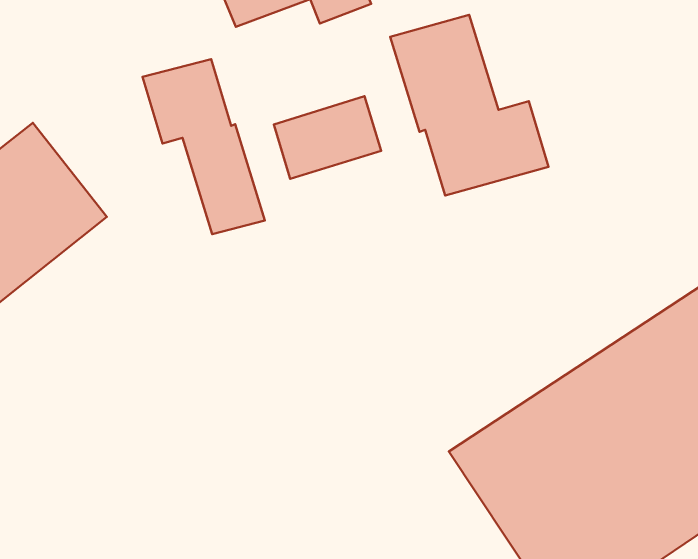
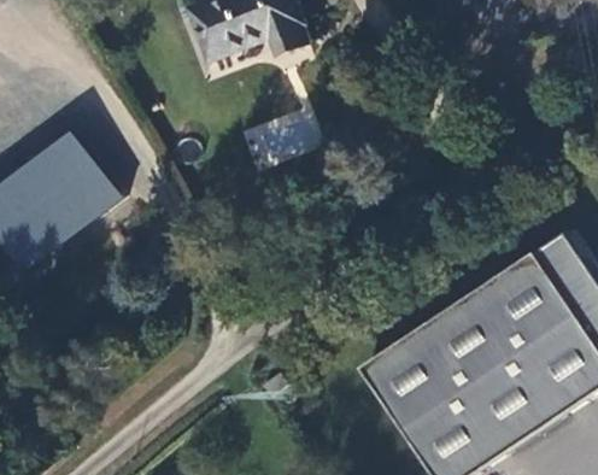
building: [390,15,548,195] -> none
building: [142,59,265,234] -> none

